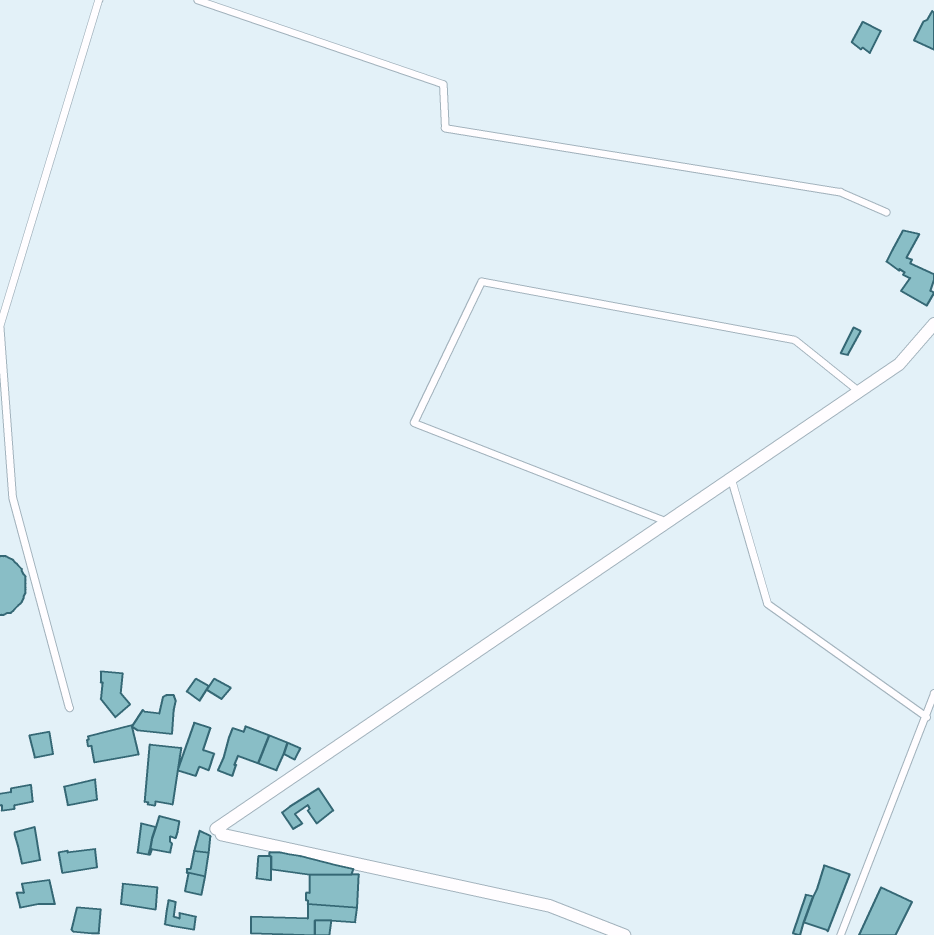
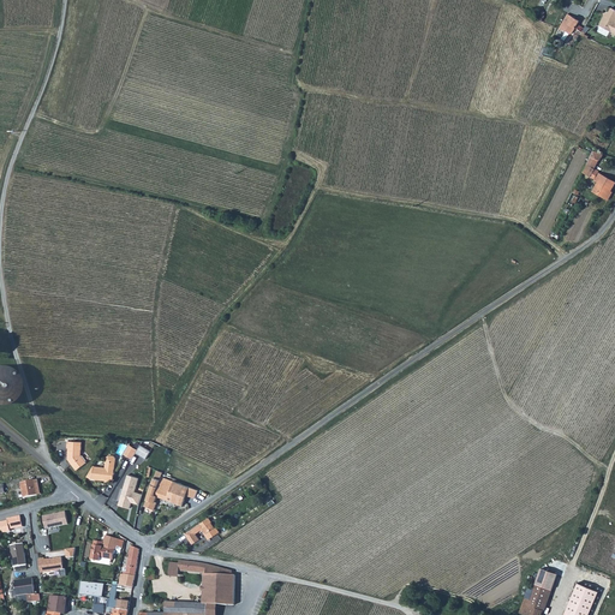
building: [87,725,138,762] -> none
building: [145,744,181,806] -> none

